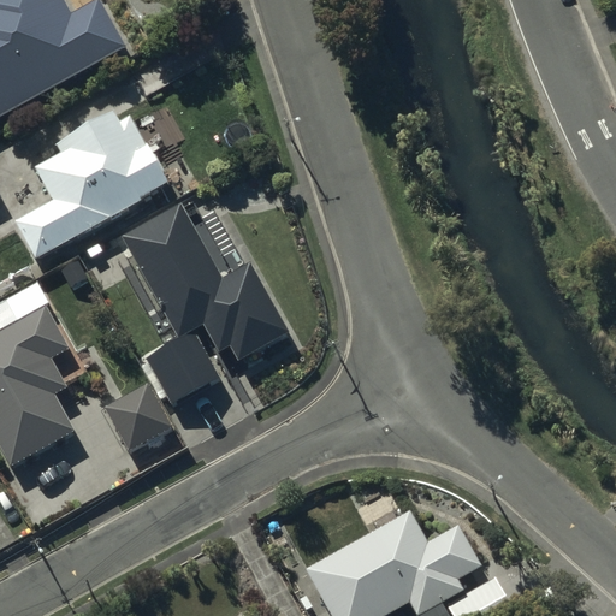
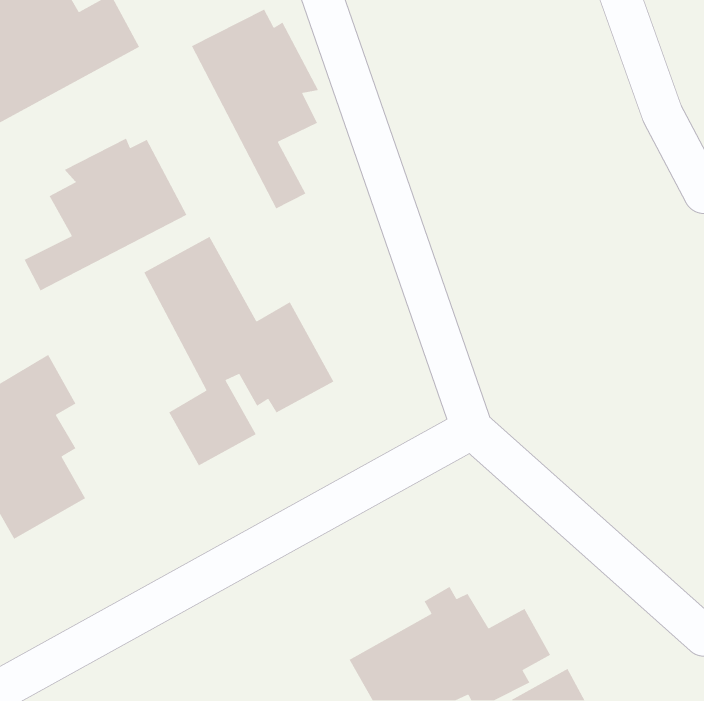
building: none -> [191,9,319,210]
building: [105,384,167,446] -> none

